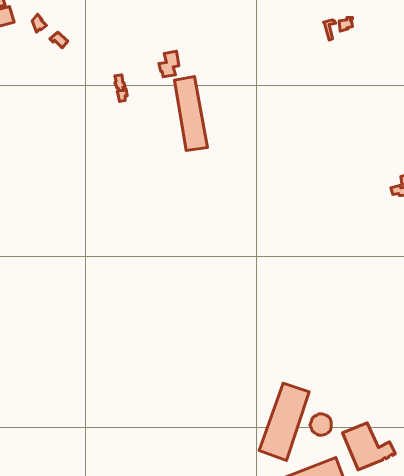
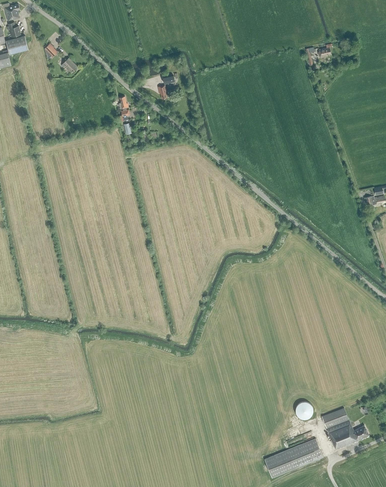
building: [175,76,208,151] -> none
building: [259,383,309,460] -> none

